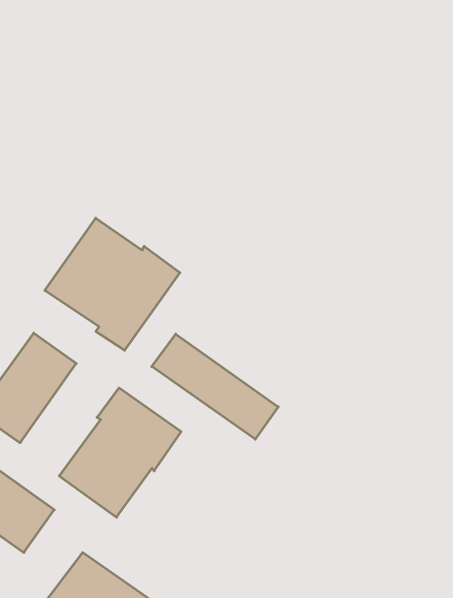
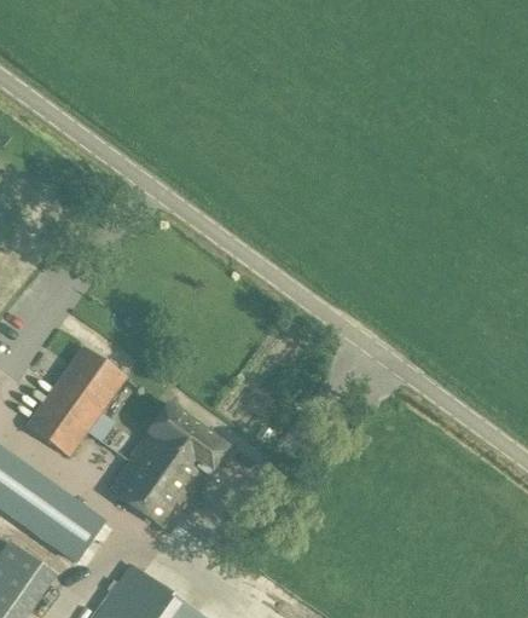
building: [45,218,180,350] -> none
building: [152,334,278,439] -> none

